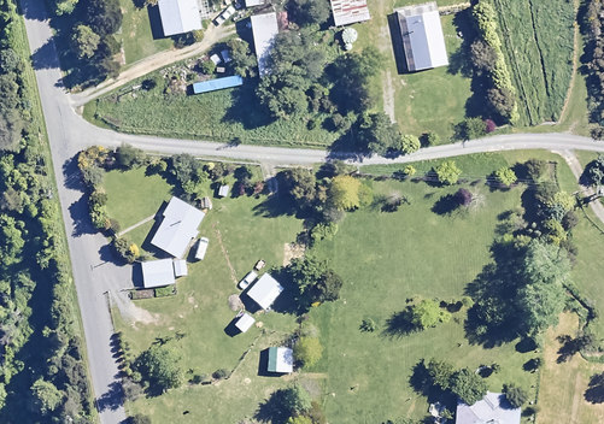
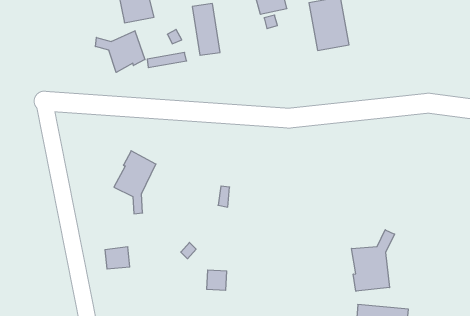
building: none -> [95,31,145,72]
building: [142,259,174,287] -> [105,247,130,269]
building: [246,271,285,310] -> none
building: none -> [352,230,395,291]

